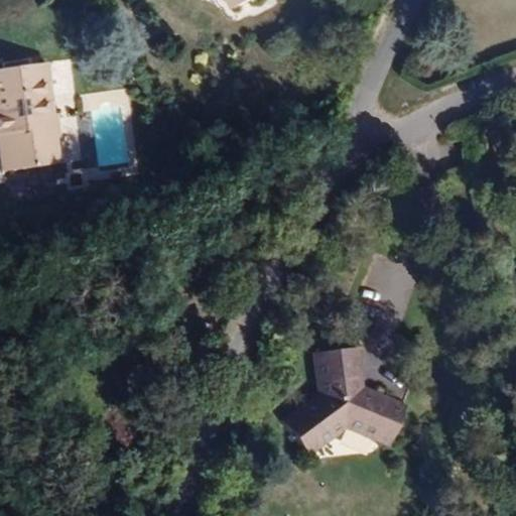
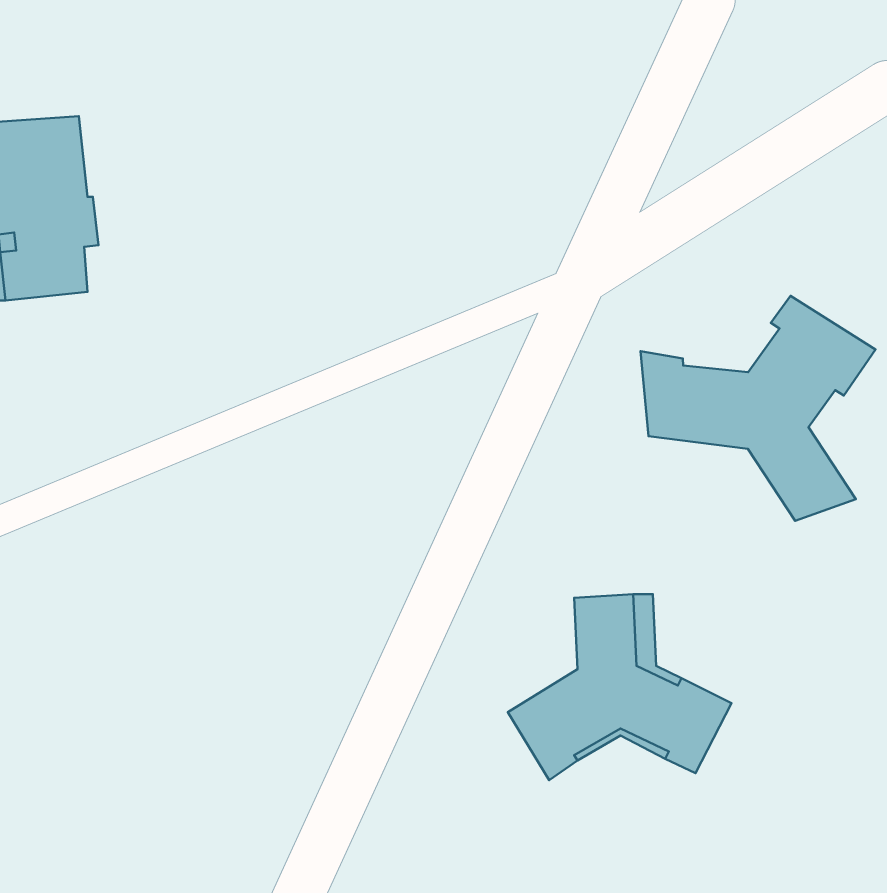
building: none -> [641,296,876,521]

